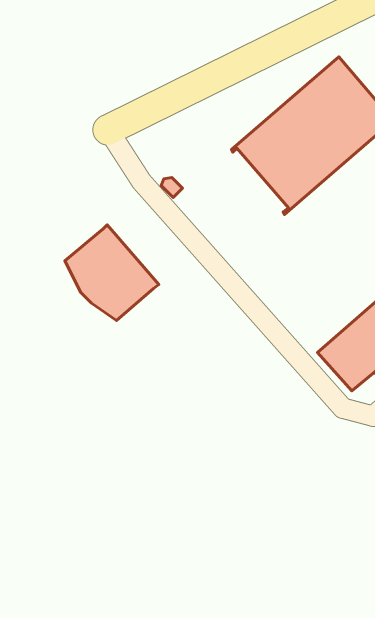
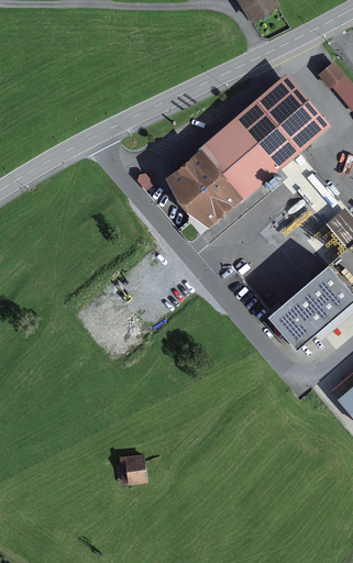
building: [65,225,159,320] -> [166,148,244,228]
building: none -> [120,453,148,484]

